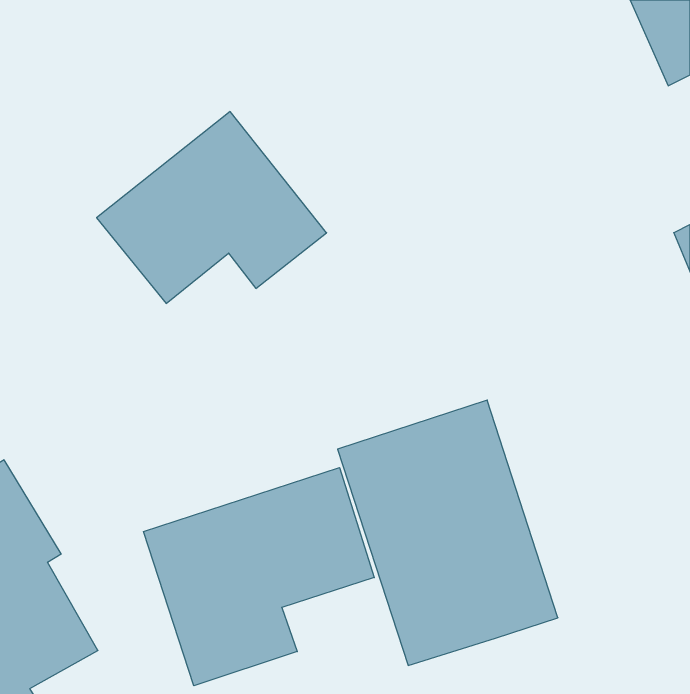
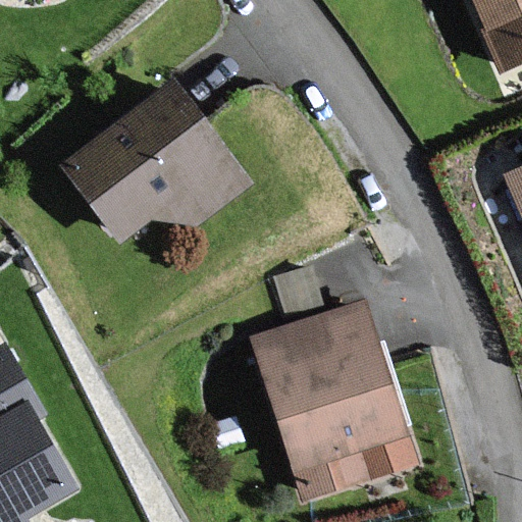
building: [144,468,374,686] -> none

